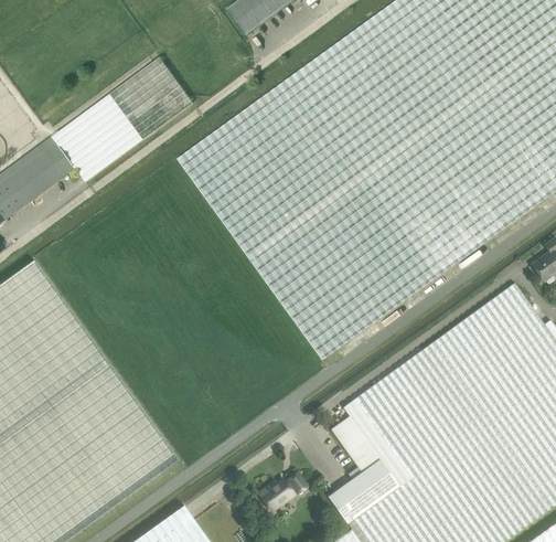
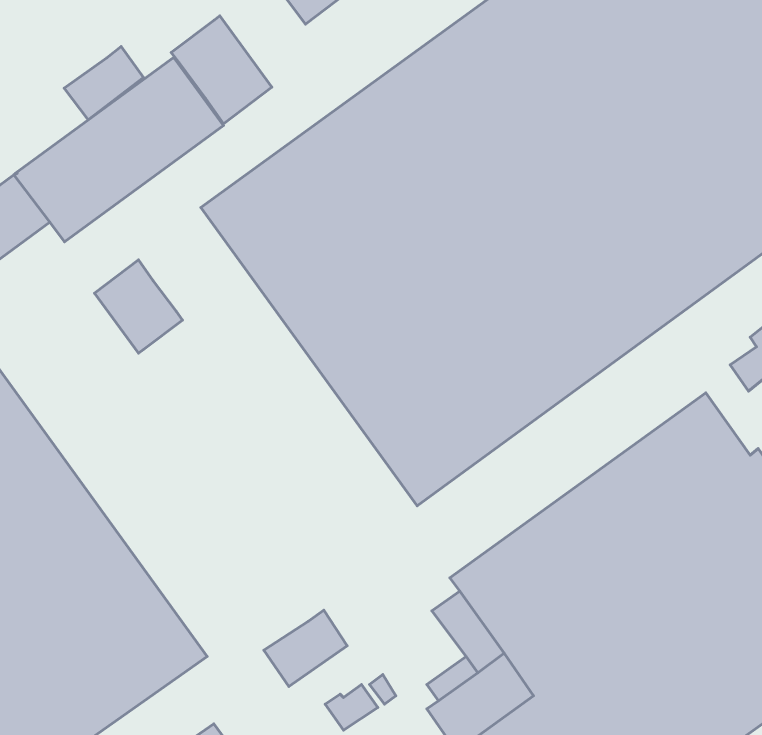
building: none -> [171,16,272,124]
building: none -> [64,47,143,120]
building: none -> [95,260,183,353]
building: none -> [264,610,347,687]

